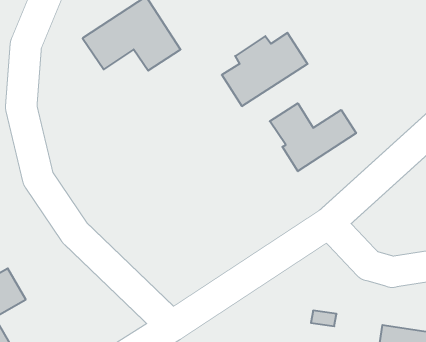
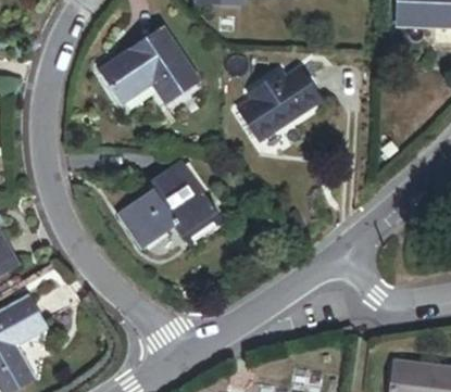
building: [270,103,356,171] -> none
building: none -> [121,165,216,244]

